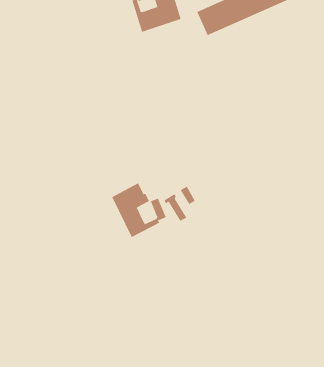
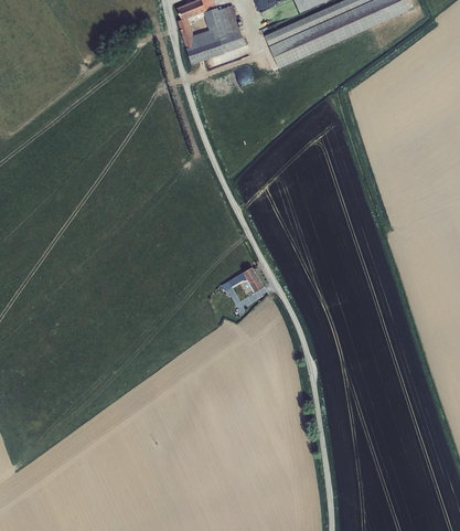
building: [111,183,167,238] -> none

